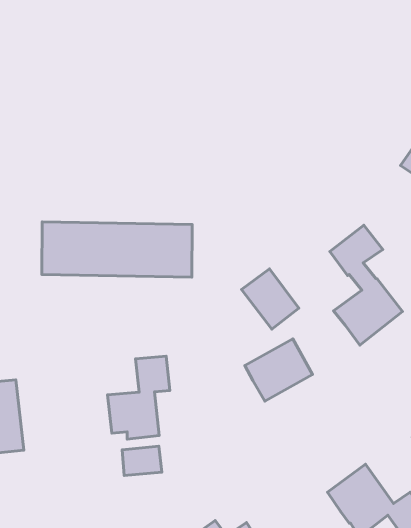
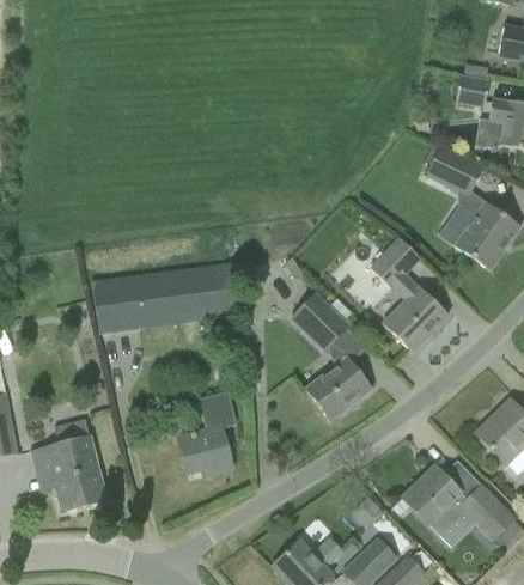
building: [122,446,162,476] -> none

